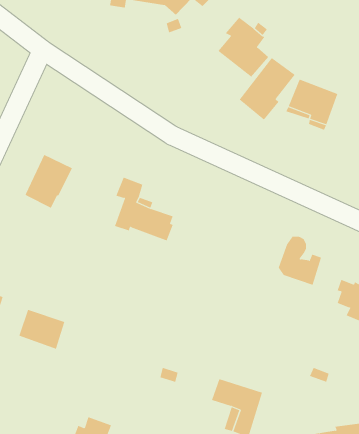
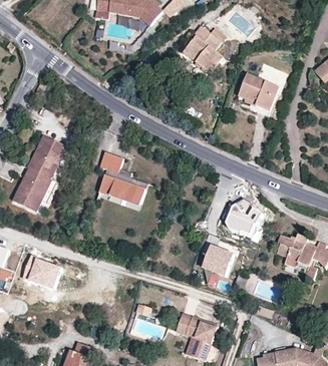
building: [239,57,295,121] -> none
building: none -> [13,167,50,211]
building: none -> [201,247,234,278]

